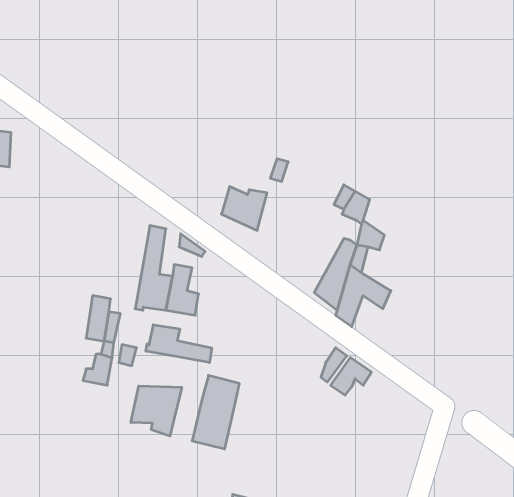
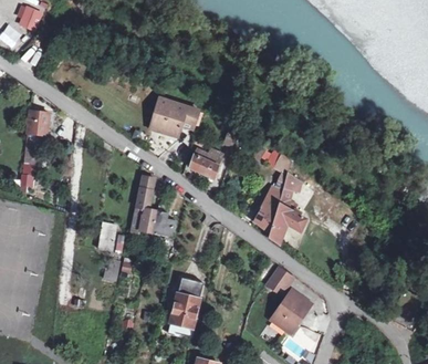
building: none -> [148,98,197,137]
building: [146,325,212,363] -> none
building: [131,386,182,436] -> none
building: none -> [269,290,311,334]

